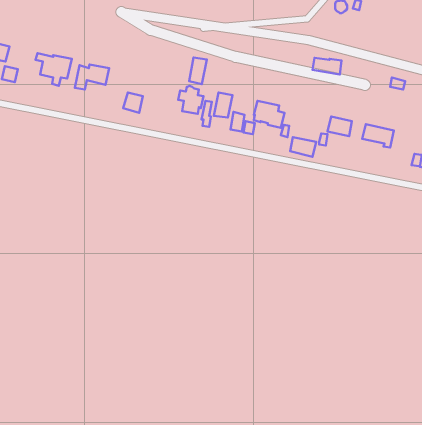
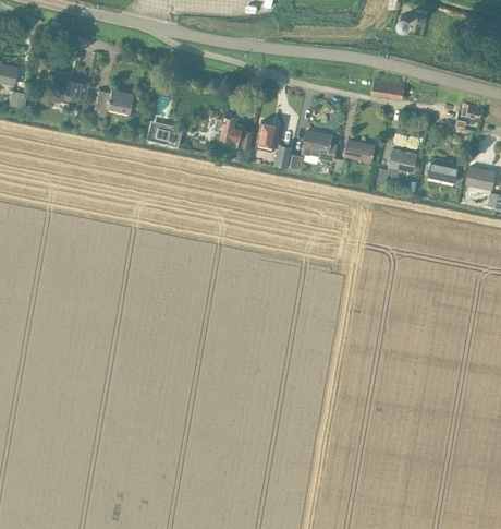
building: [189,58,207,84] -> none
building: none -> [465,167,493,190]
building: [290,137,316,157] -> [344,140,375,163]

